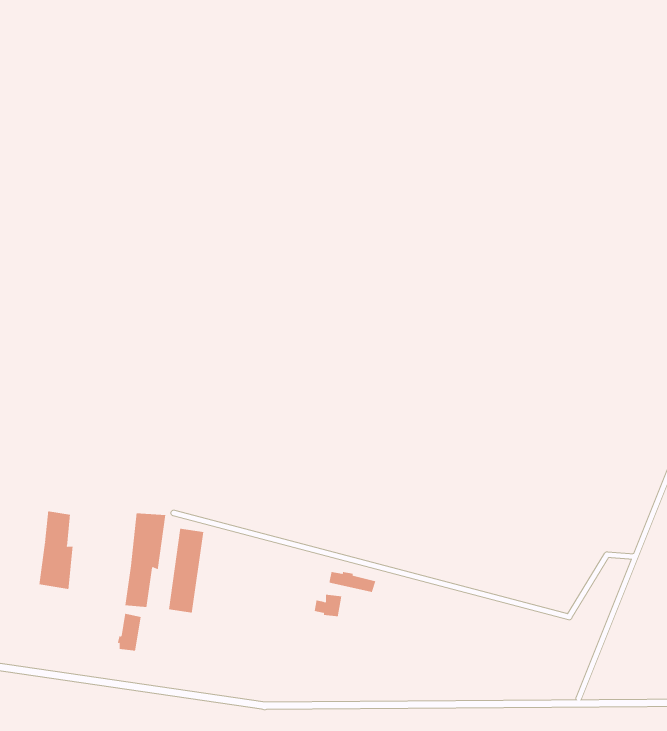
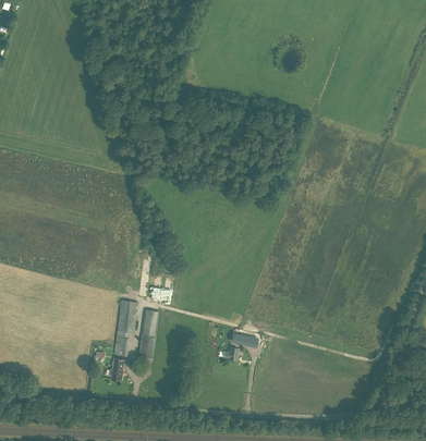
building: [39,511,73,590] -> none

